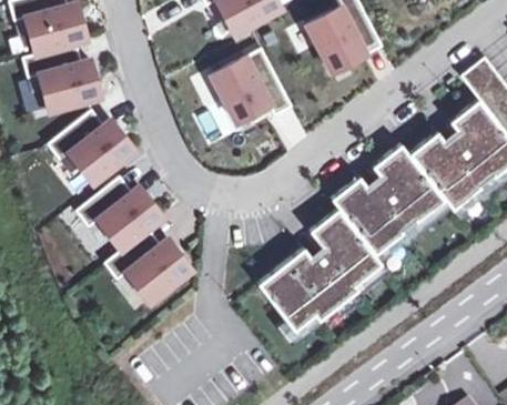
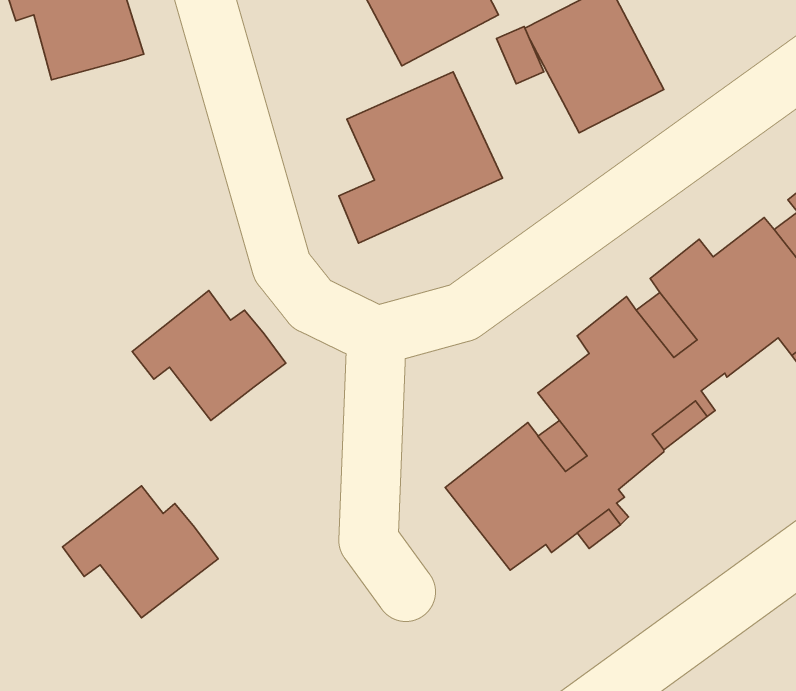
building: [22,41,100,109] -> none
building: [50,105,136,179] -> none
building: [104,225,192,300] -> [63,486,218,618]

